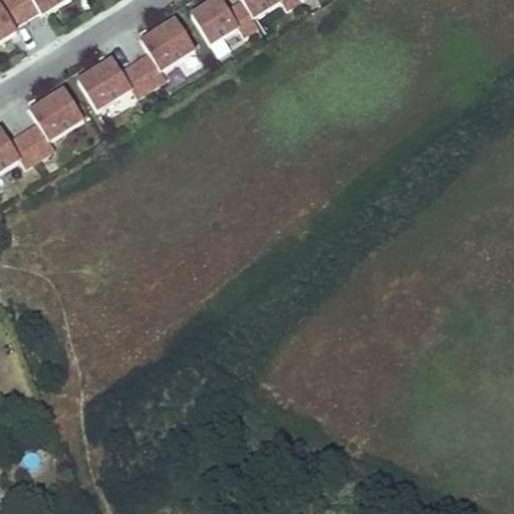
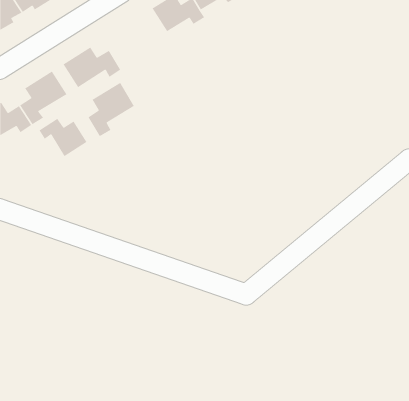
building: [137,18,196,87] -> [88,82,135,137]
building: none -> [39,118,88,157]

